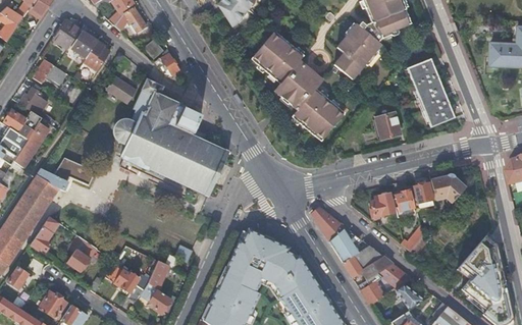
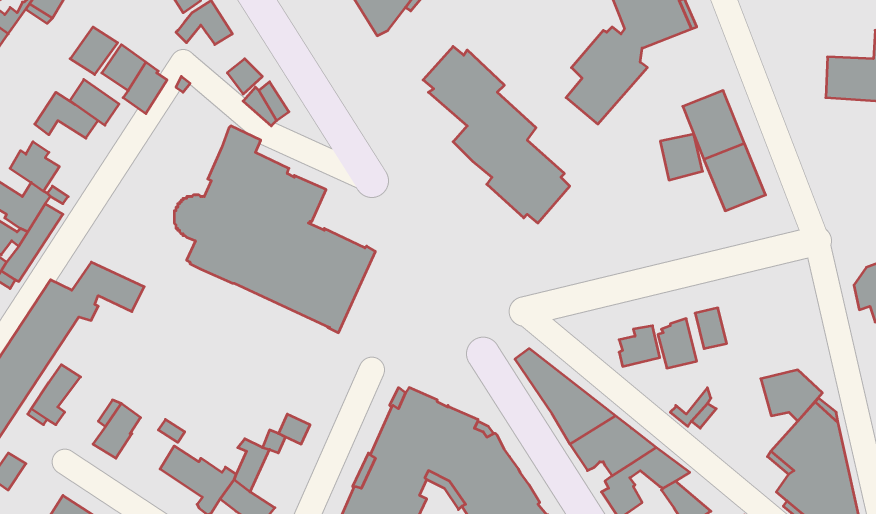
building: [106,76,135,103] -> [70,79,119,125]
building: [377,118,402,145] -> [660,134,703,180]
building: [429,174,465,204] -> [761,370,822,421]

